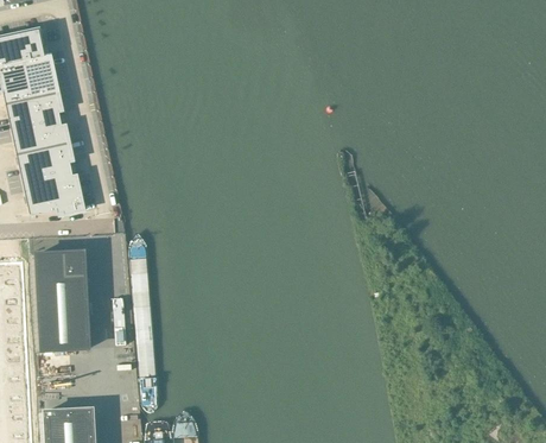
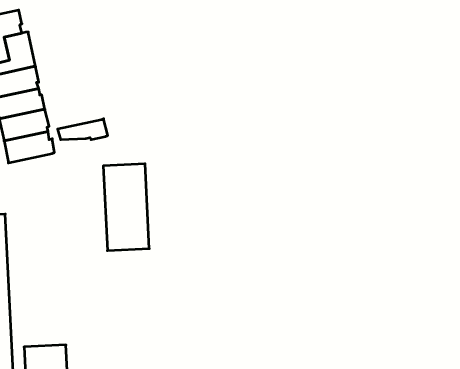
building: [26,191,83,215] -> [58,119,108,140]
building: [36,252,88,350] -> [103,164,149,251]

